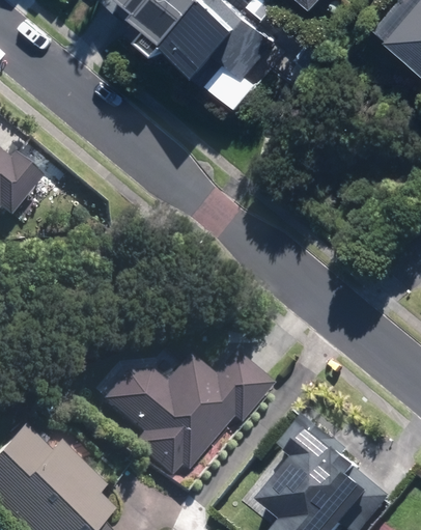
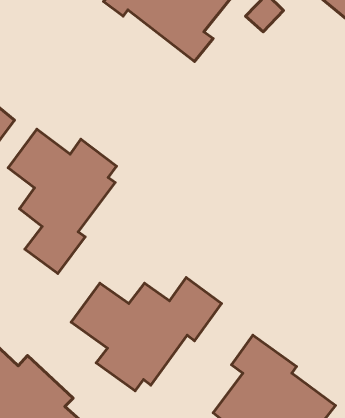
building: none -> [8,129,116,273]

